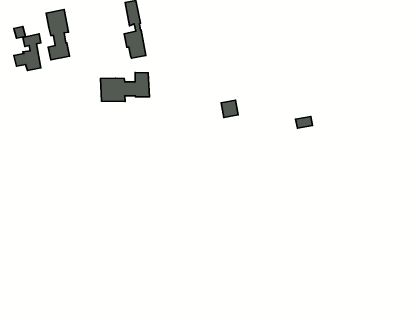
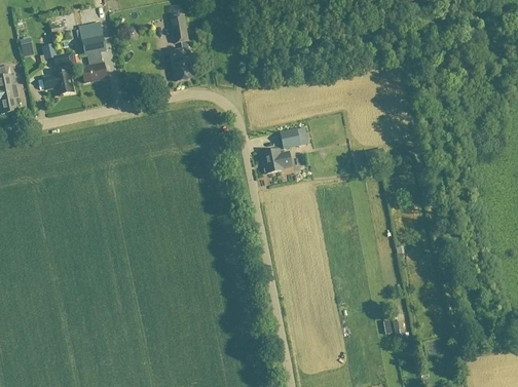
building: [100,73,150,102] -> none
building: none -> [260,148,291,171]

